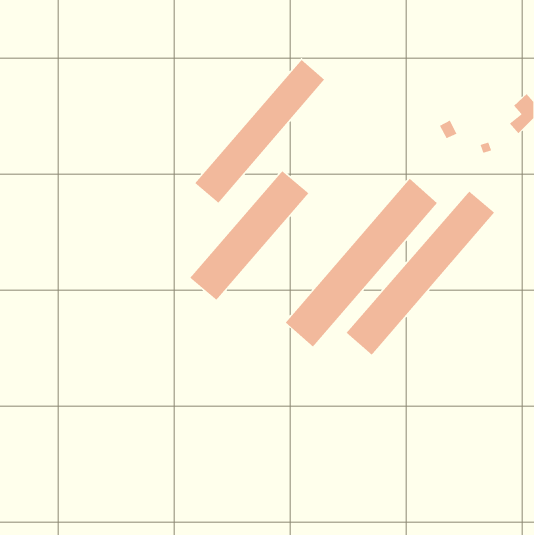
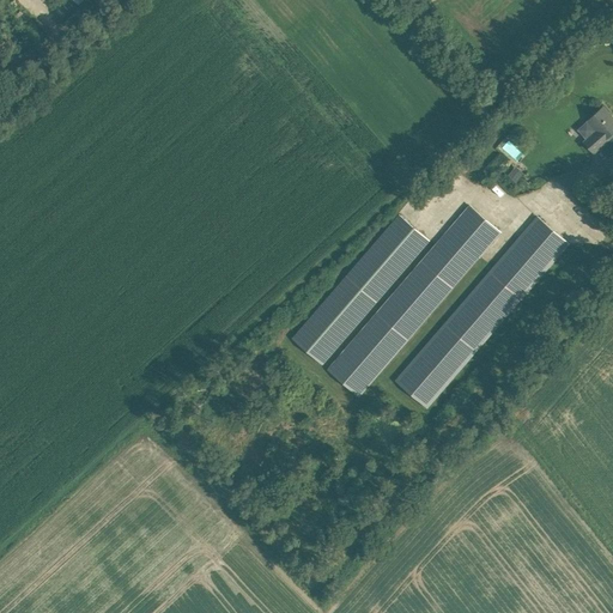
building: [194,59,325,204] -> none
building: [189,170,310,301] -> [291,214,429,364]

